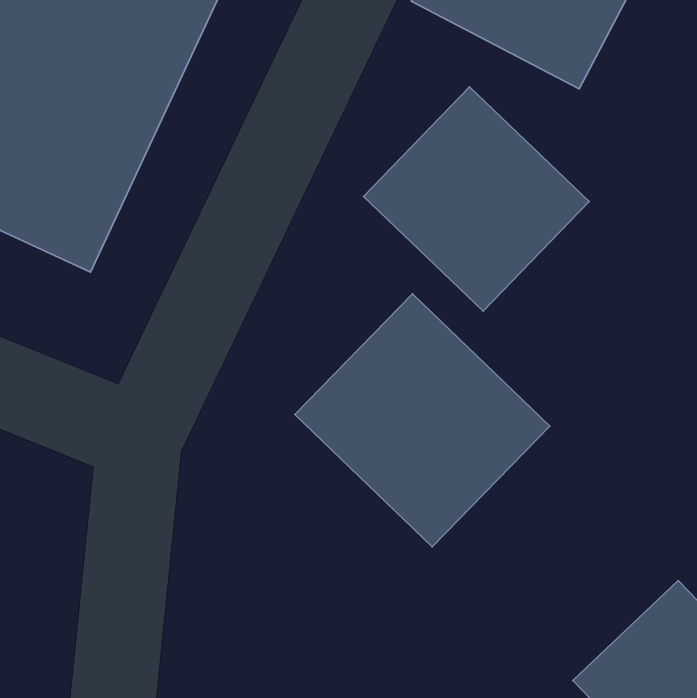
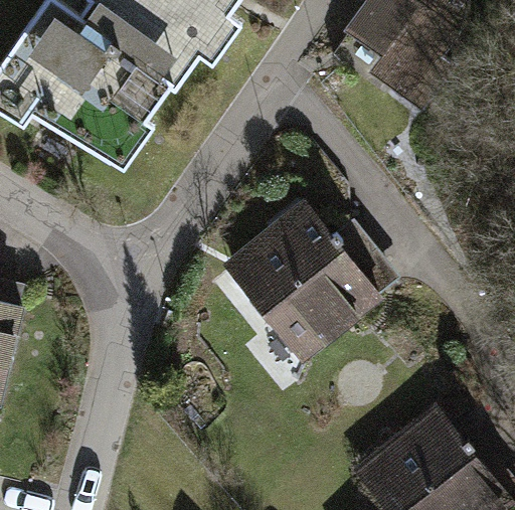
building: [364,87,589,311] -> none

